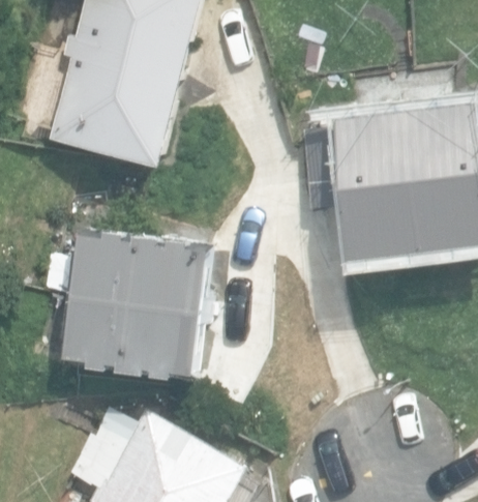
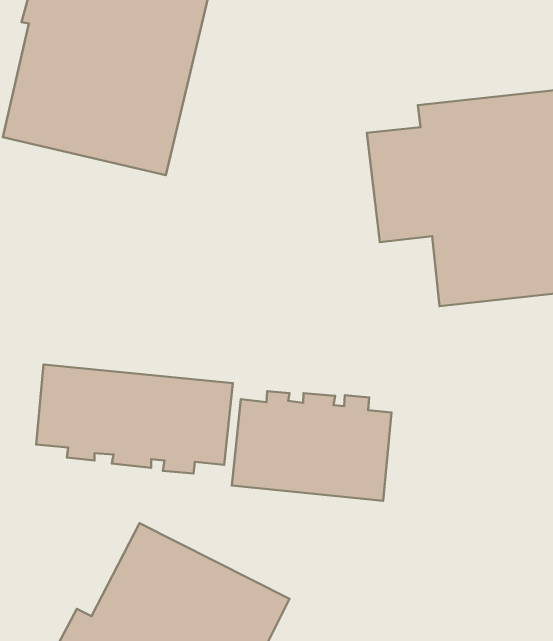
building: [72,232,213,313] -> none
building: none -> [232,391,392,501]

